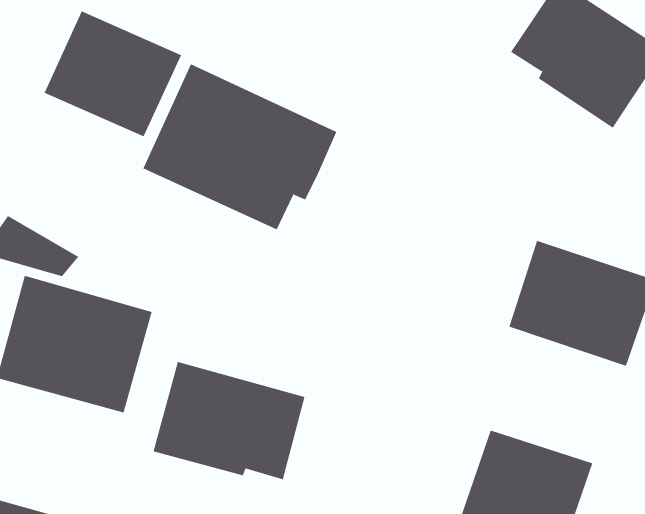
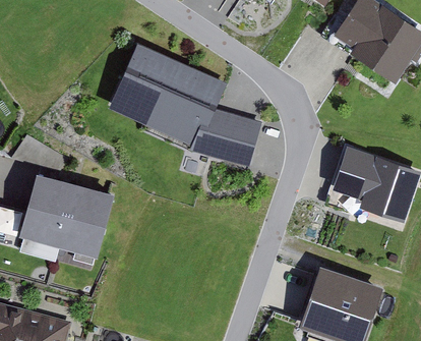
building: [44,10,182,137] -> none
building: none -> [188,110,261,167]
building: [153,361,305,480] -> none

